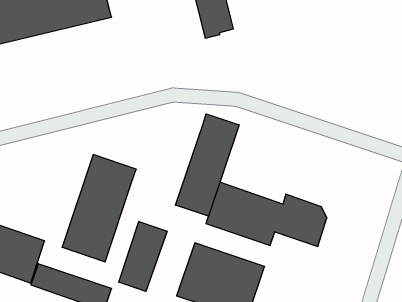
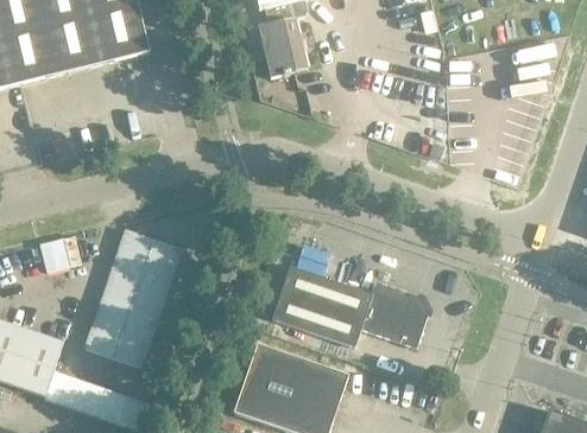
building: [176,114,239,216] -> none
building: [119,221,167,291] -> none

